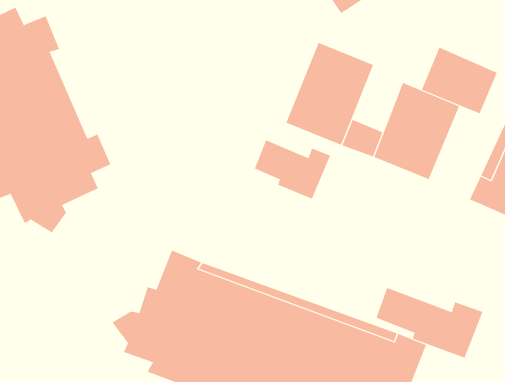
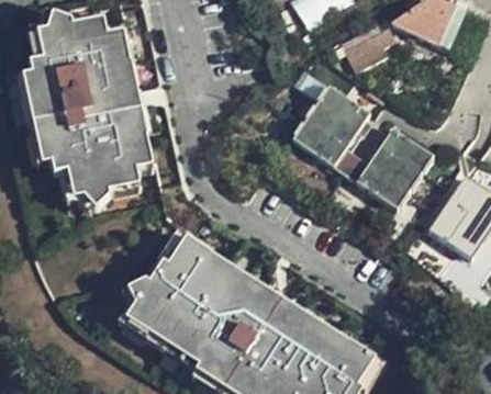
building: [421,47,497,114] -> none
building: [254,140,331,199] -> none
building: [376,287,483,359] -> none

